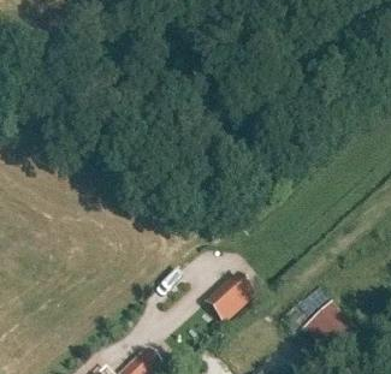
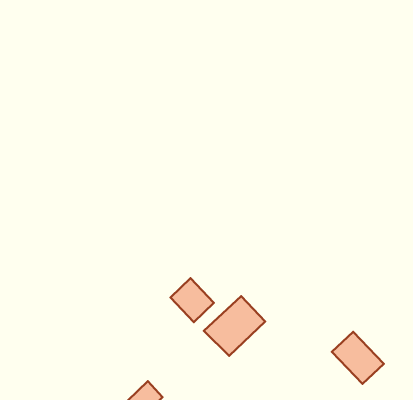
building: none -> [170,278,214,322]

